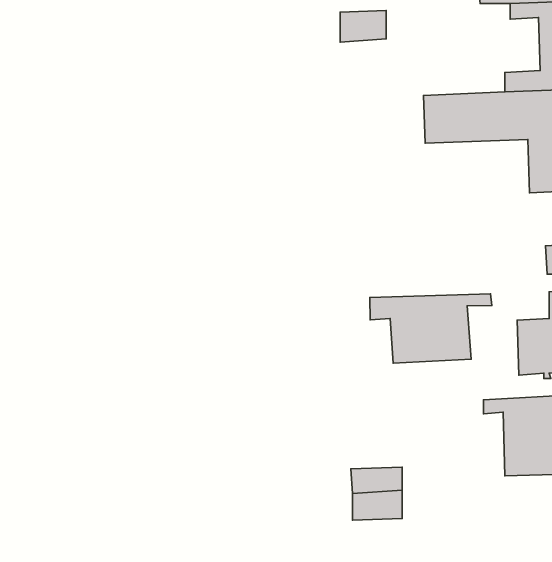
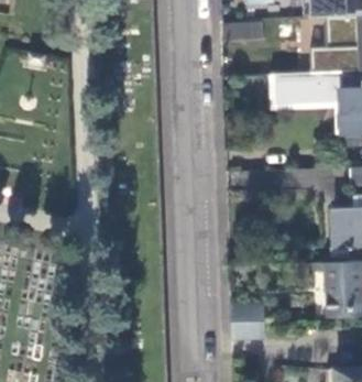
building: [370,294,492,363] -> none

